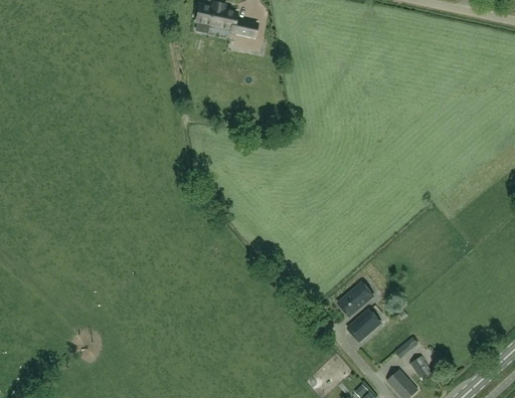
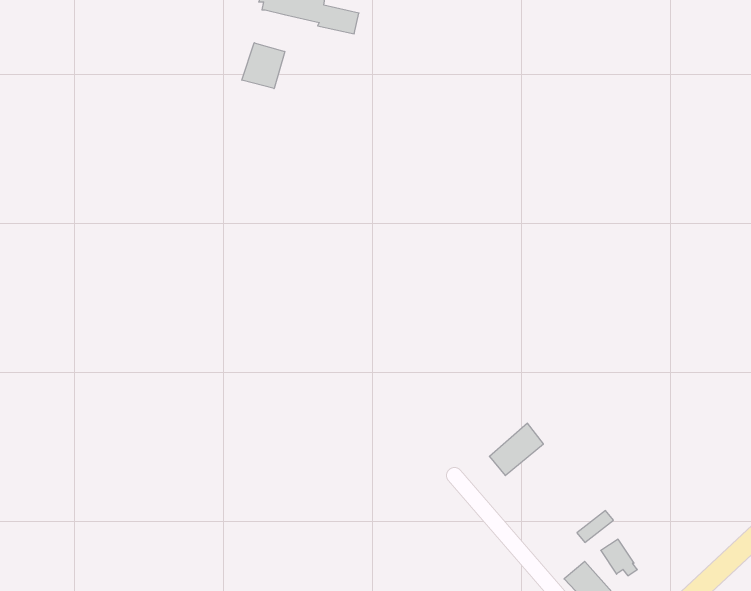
building: none -> [242,43,285,89]
building: [348,311,381,342] -> none

